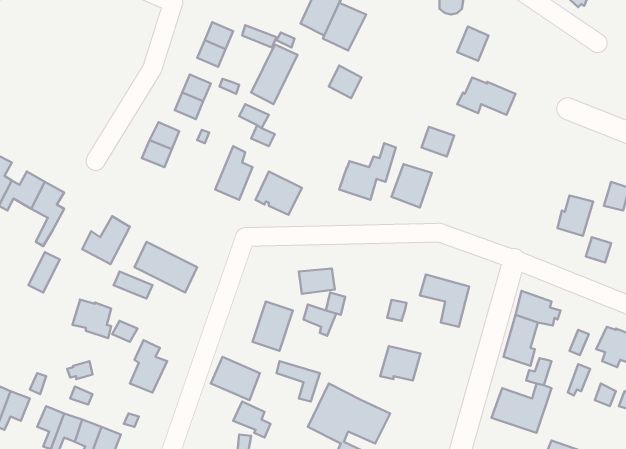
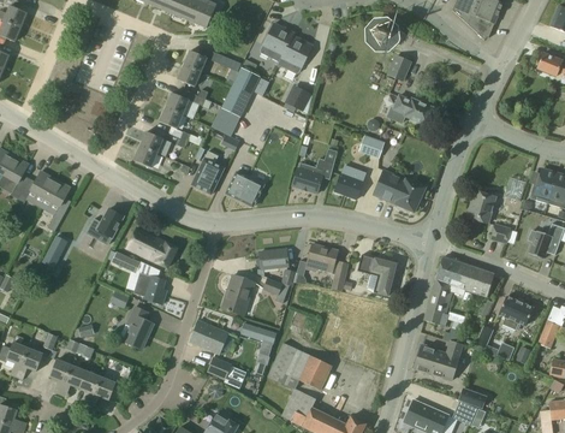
building: none -> [373,170,426,213]
building: none -> [439,256,494,296]
building: [72,299,111,338] -> [133,273,165,304]
building: [380,346,420,381] -> [305,244,338,272]

